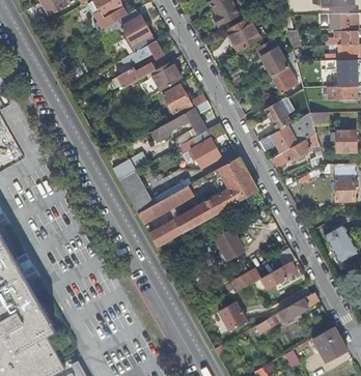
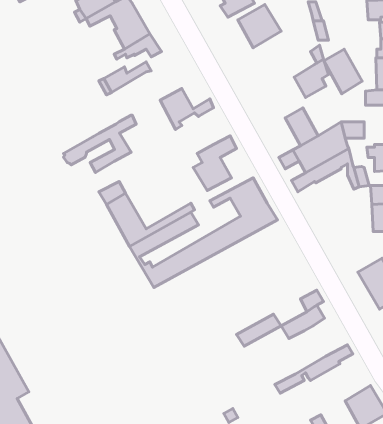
building: [256,39,287,76] -> [324,49,362,94]
building: [150,61,182,90] -> none
building: [150,100,210,147] -> [63,115,136,173]
building: [213,229,242,262] -> none
building: [218,302,246,331] -> none

